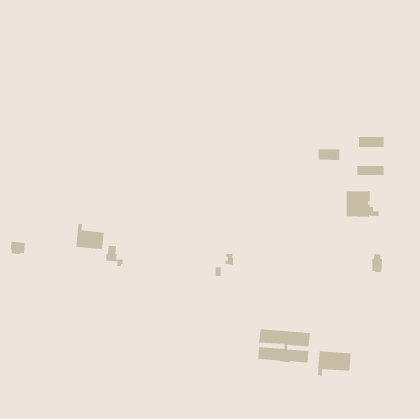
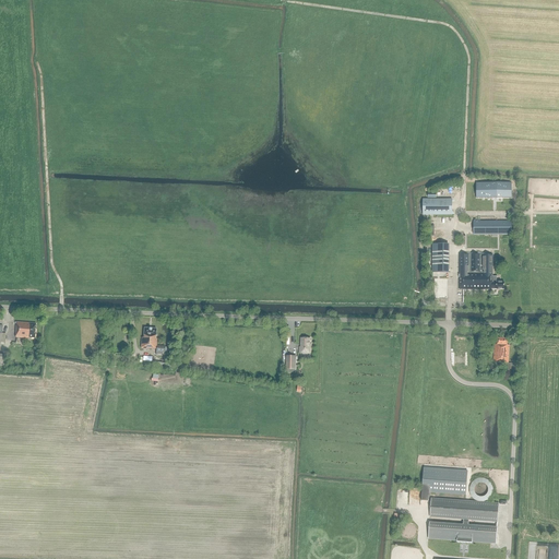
building: none -> [431,242,448,270]
building: [76,223,104,250] -> none
building: [257,329,311,363] -> [427,496,498,542]

